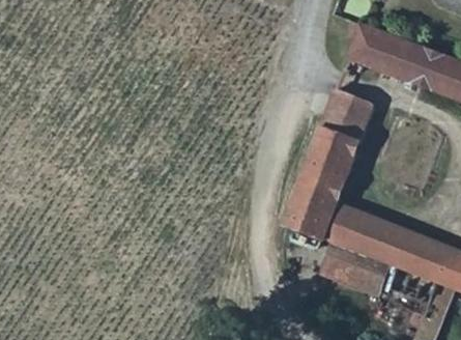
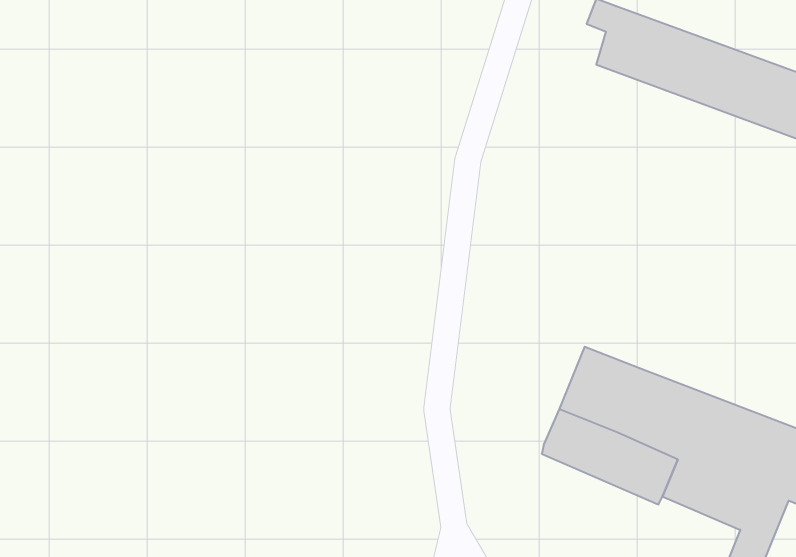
building: [286,91,373,245] -> none

